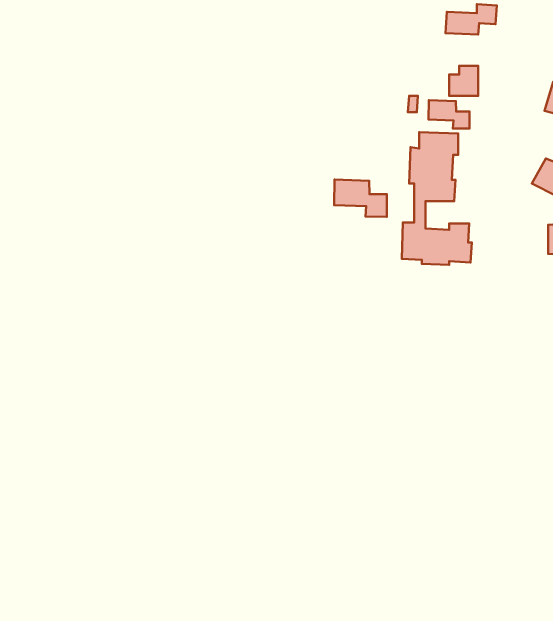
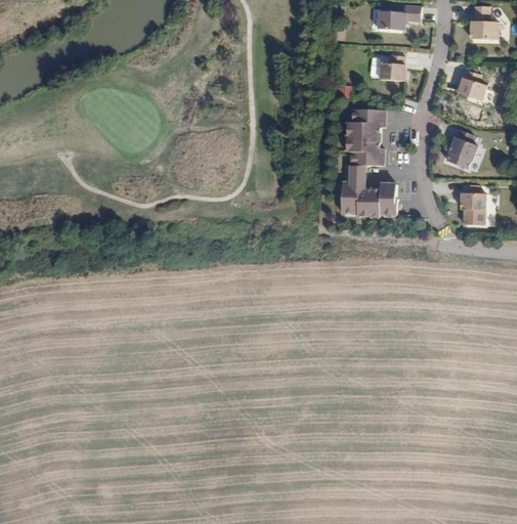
building: [429,100,470,129] -> none
building: [334,179,387,217] -> none

